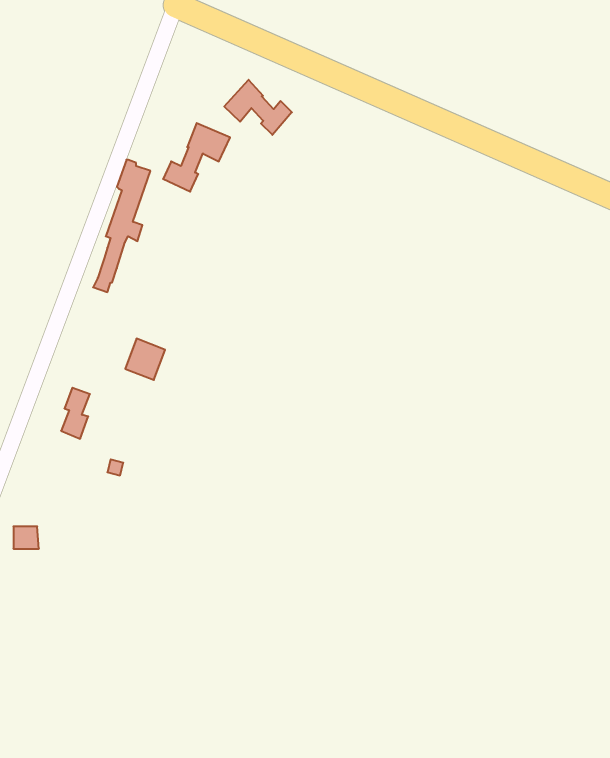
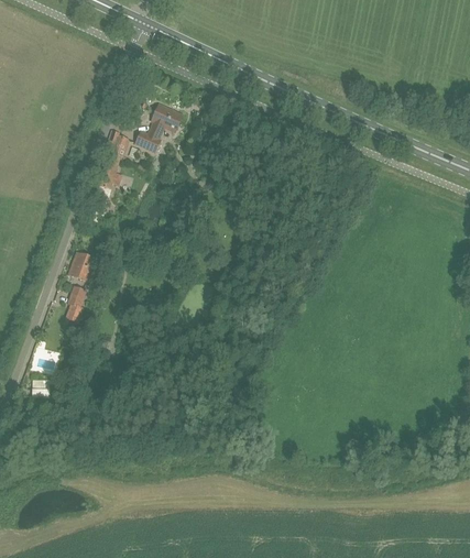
building: [224,80,292,135] -> none
building: [125,339,165,380] -> [69,252,97,281]

